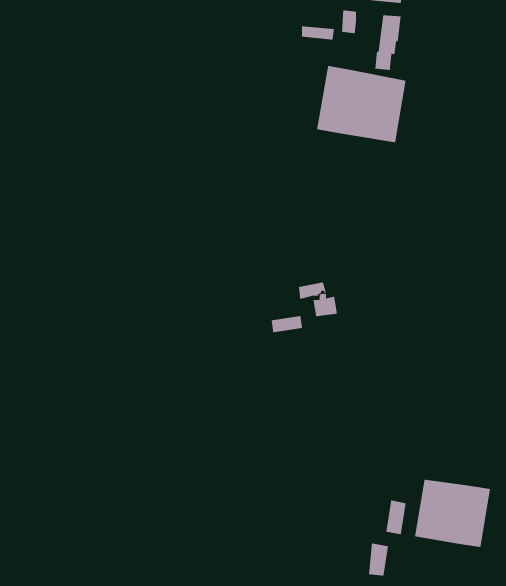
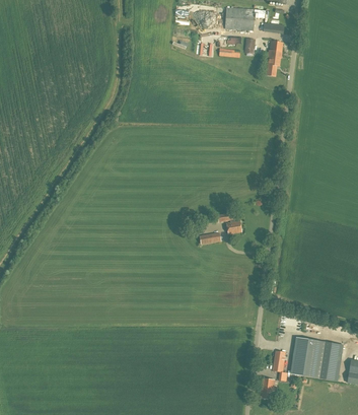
building: [317,65,406,143] -> none

